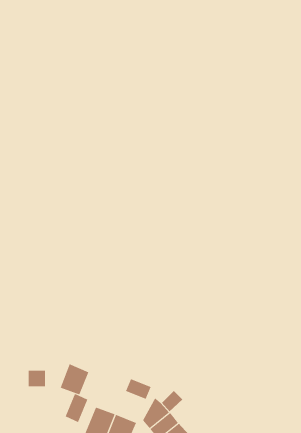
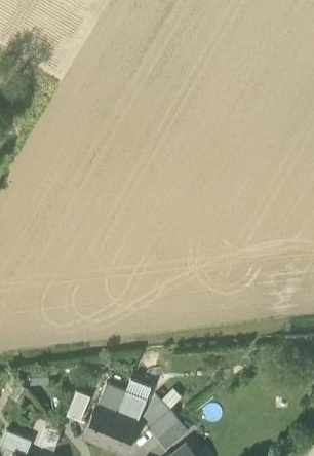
building: [60,364,89,395] -> [97,383,126,414]

